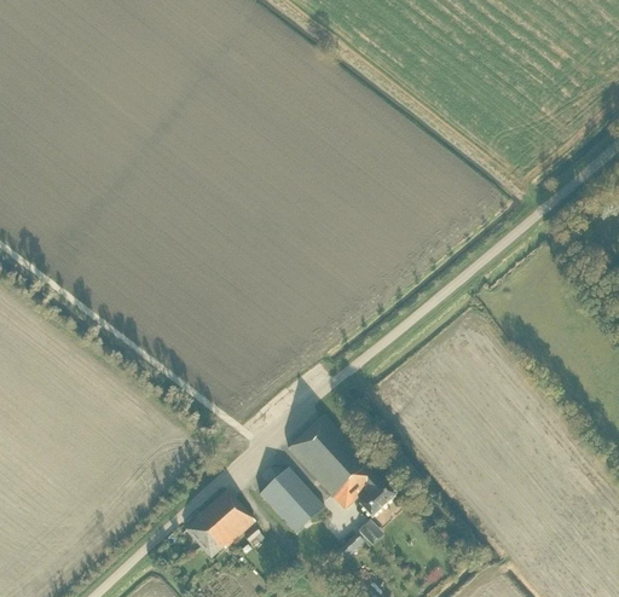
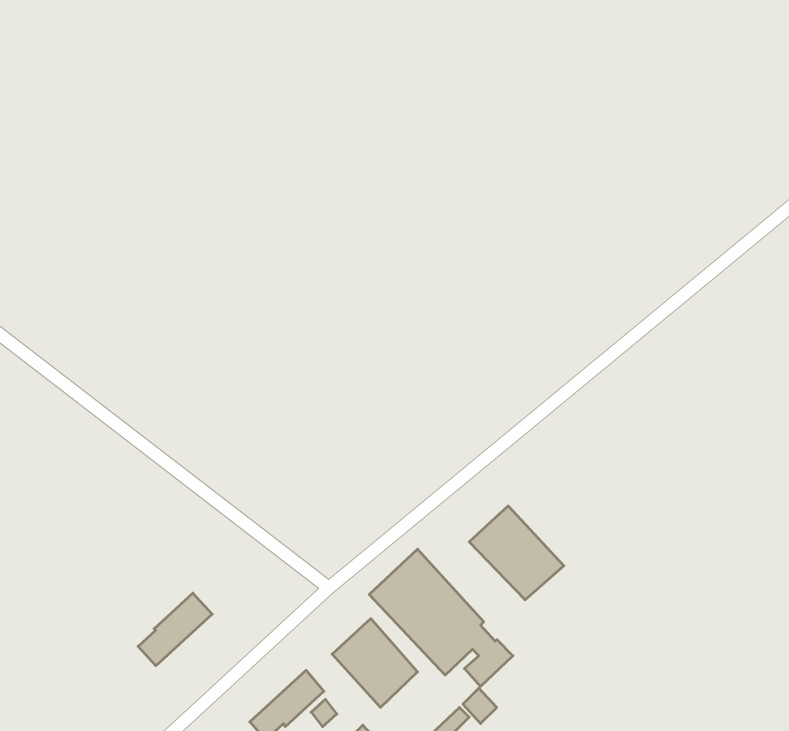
building: none -> [469,506,564,600]
building: [185,489,241,544] -> [138,593,212,666]

